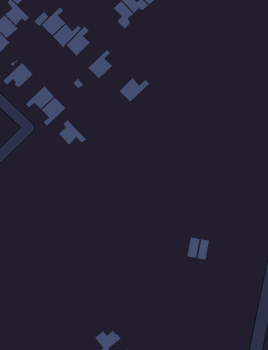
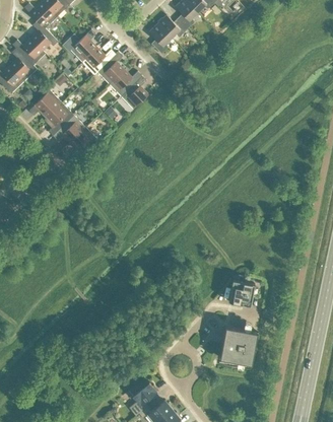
building: none -> [44,104,74,137]
building: [119,77,150,102] -> [109,70,142,97]
building: [58,119,87,145] -> none
building: none -> [219,327,257,365]

